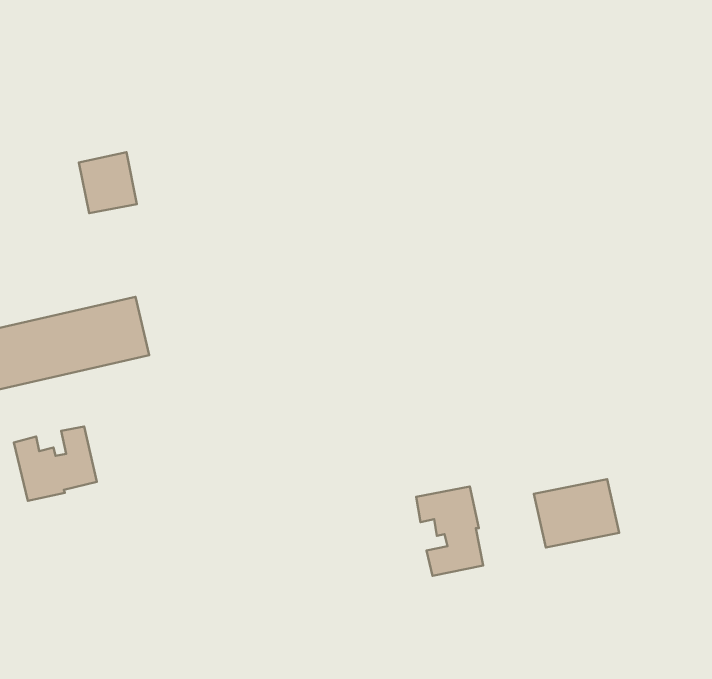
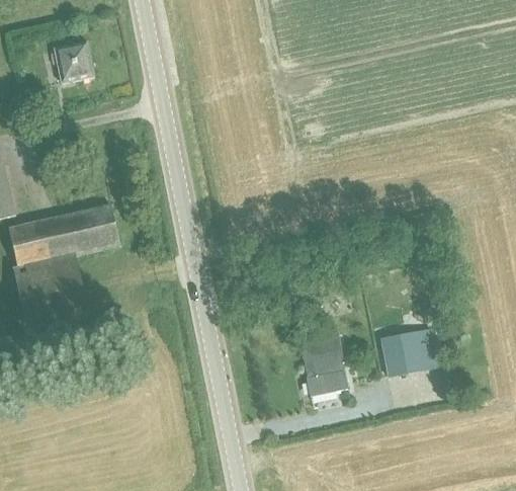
building: [79,152,137,213] -> [53,40,92,82]
building: [14,427,97,501] -> none

